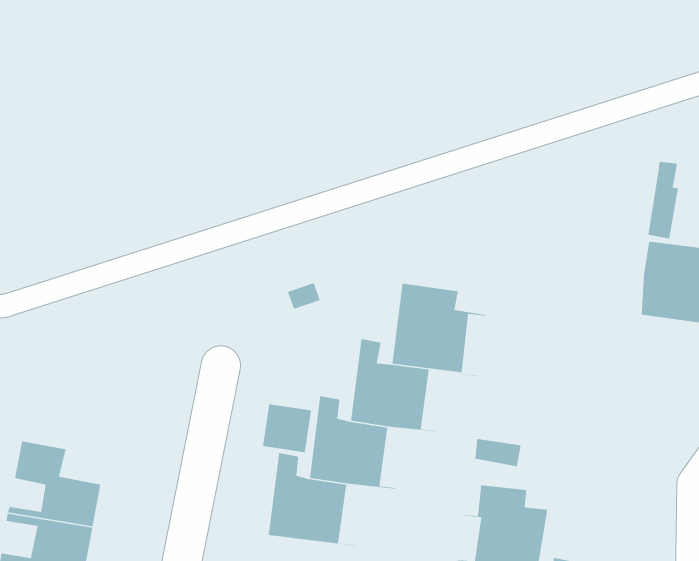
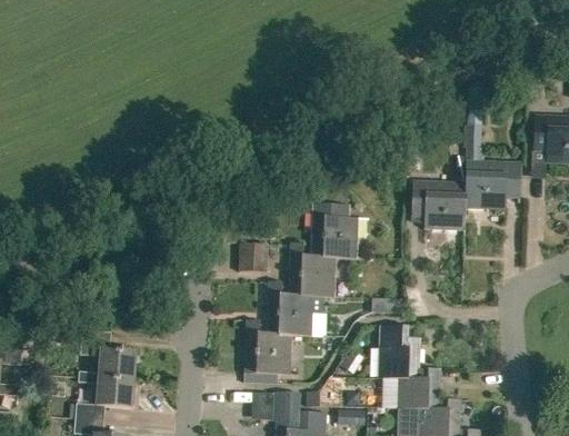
building: none -> [411,181,466,242]
building: [262,403,312,453] -> [239,244,268,272]

